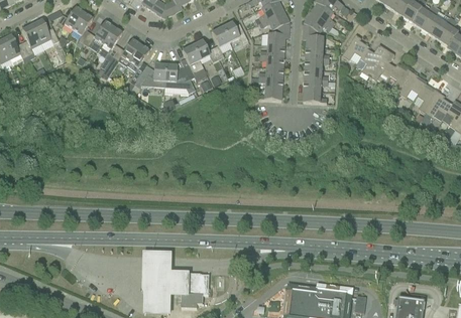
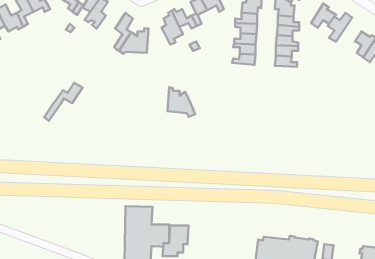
building: [99,38,140,80] -> [44,83,82,121]
building: [369,48,395,82] -> none
building: [163,60,194,93] -> [167,87,195,117]

